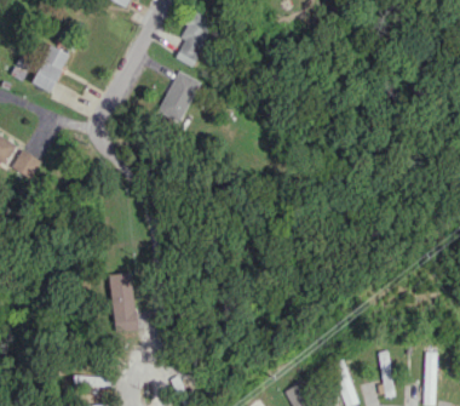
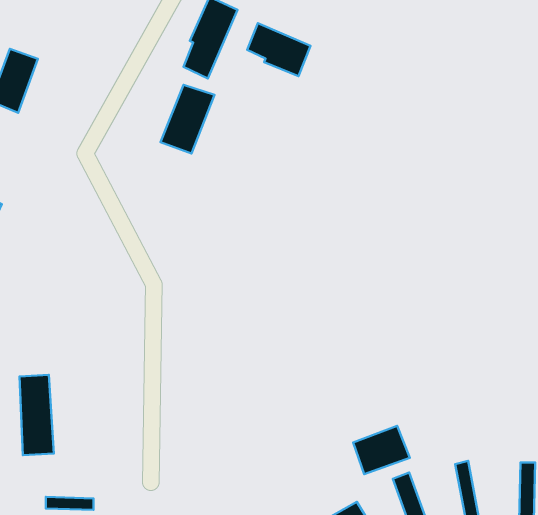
building: none -> [247,23,311,76]
building: [110,274,136,333] -> [19,375,54,455]
building: none -> [353,426,410,474]

